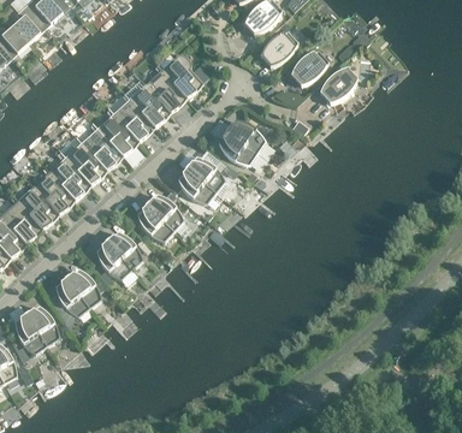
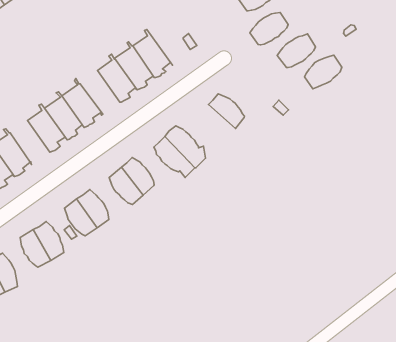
building: [156,53,202,97] -> none
building: [96,108,138,156] -> none
building: [219,132,257,165] -> none
building: [32,167,75,214] -> none

